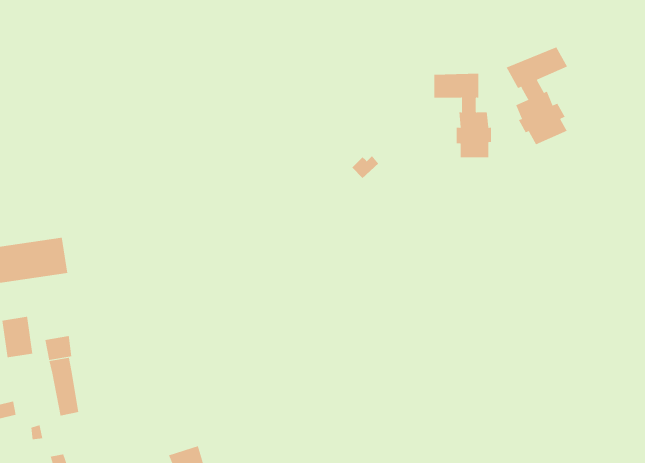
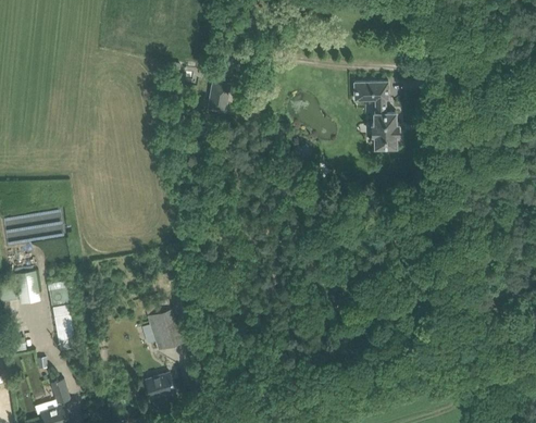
building: [506,46,568,145] -> none
building: none -> [207,82,230,113]
building: none -> [146,299,184,350]

